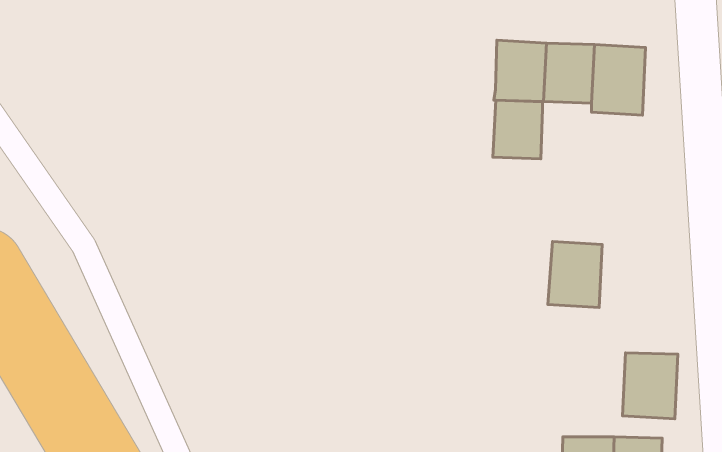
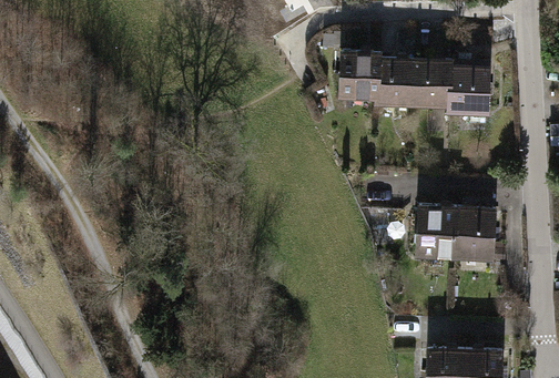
building: [493,100,542,159] -> [343,52,379,95]
building: [622,353,678,419] -> [455,210,496,258]

